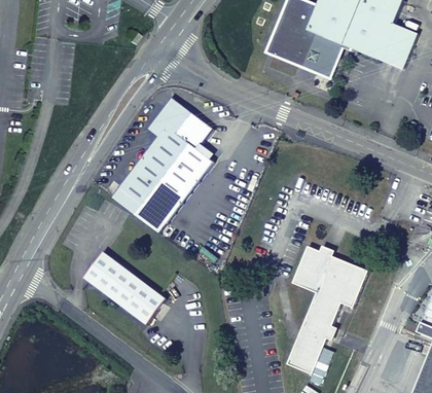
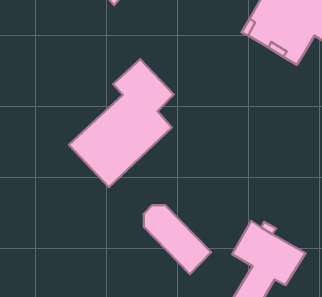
building: [89,257,165,324] -> [144,205,211,274]

